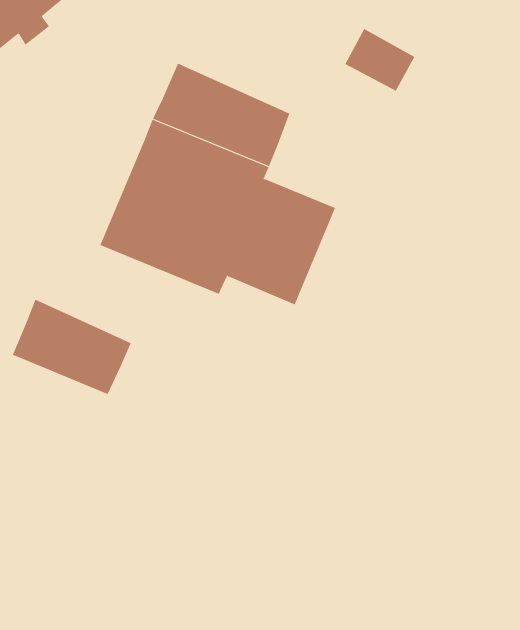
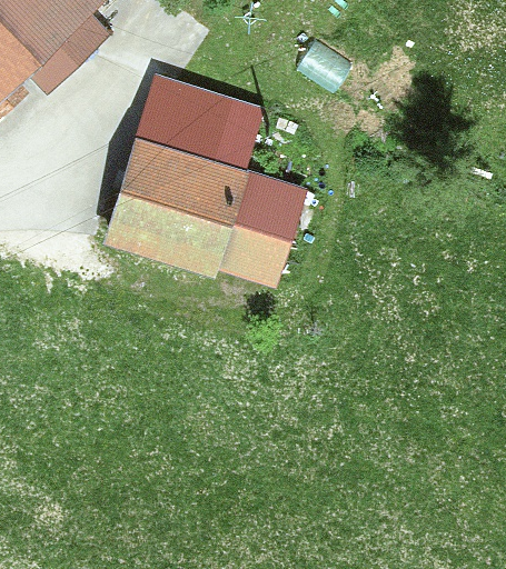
building: [12,299,132,395] -> none

